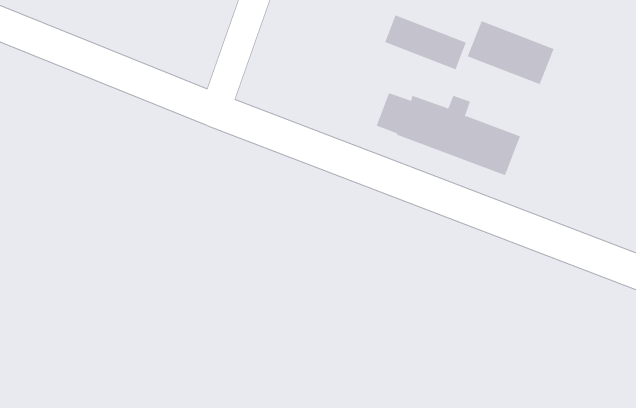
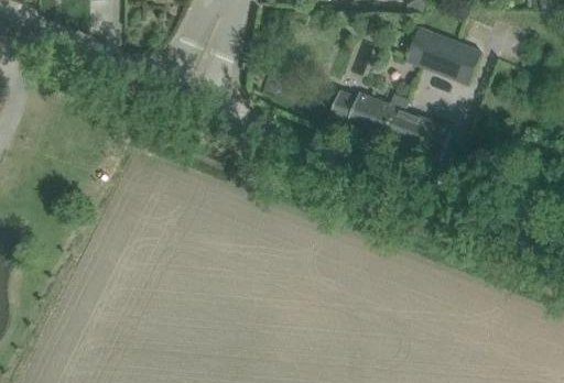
building: [384,14,466,70] -> none

